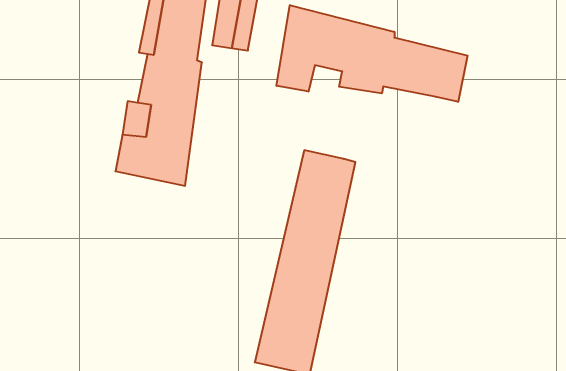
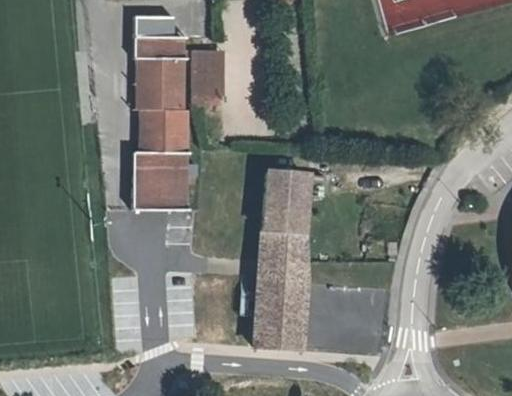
building: [277,5,468,102] -> none

